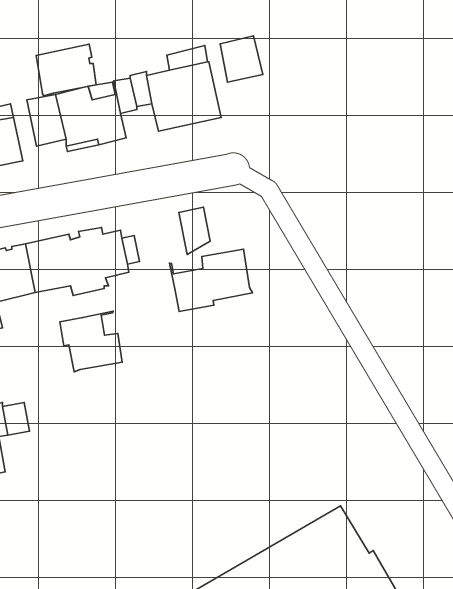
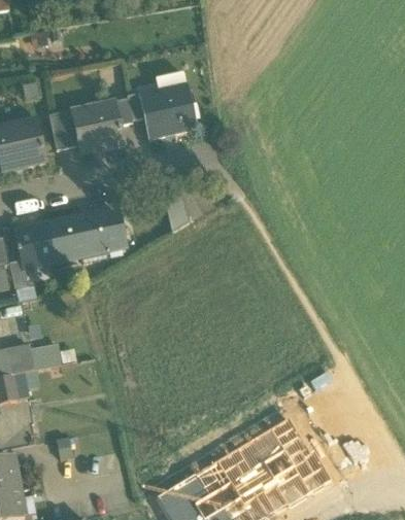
building: [220,36,263,82] -> none
building: [36,44,96,96] -> none
building: [169,249,252,311] -> none
building: [60,311,122,372] -> none

